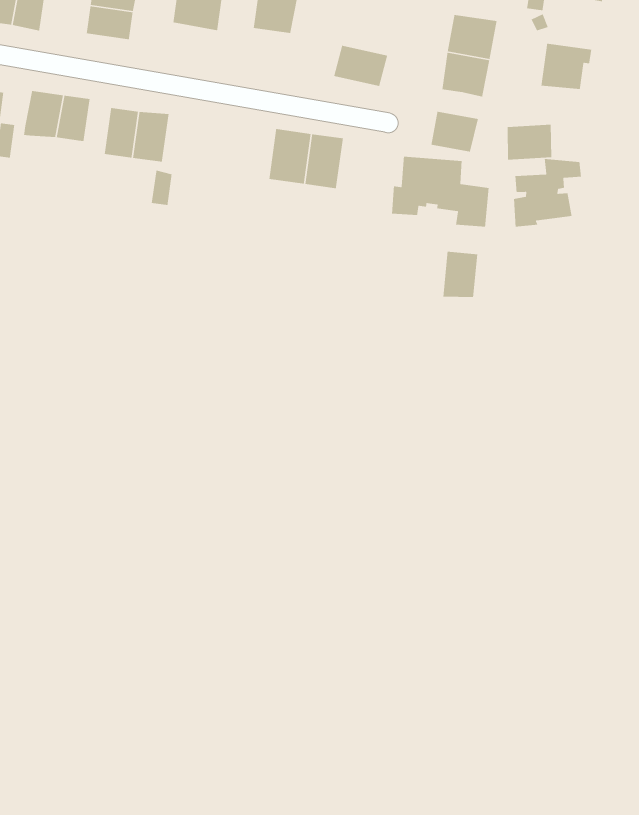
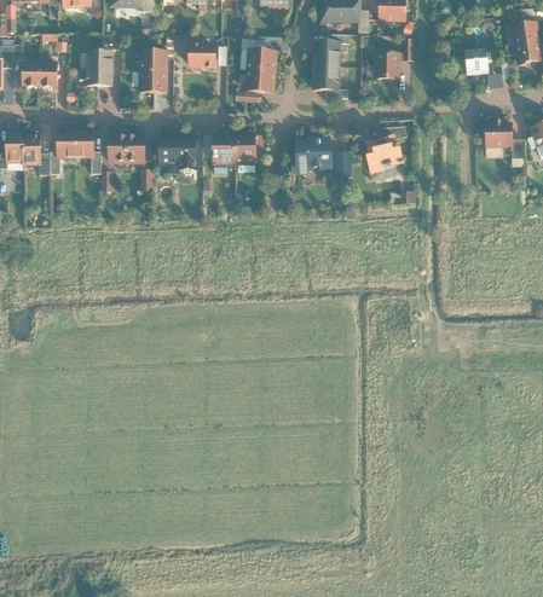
building: none -> [247,52,278,75]
building: none -> [139,74,168,97]
building: [431,111,479,152] -> none
building: none -> [158,133,197,172]
building: [507,124,552,160] -> none
building: [442,251,478,298] -> none

